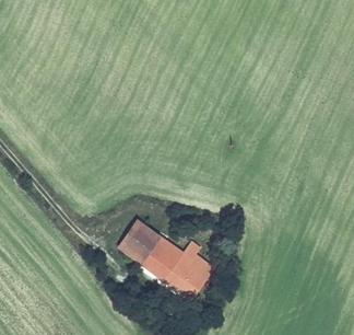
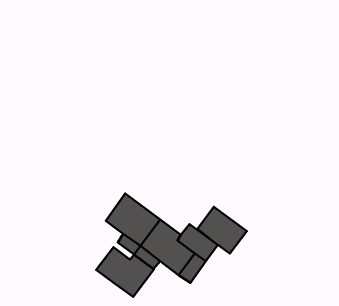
building: none -> [198,207,247,253]
building: none -> [96,247,154,297]

